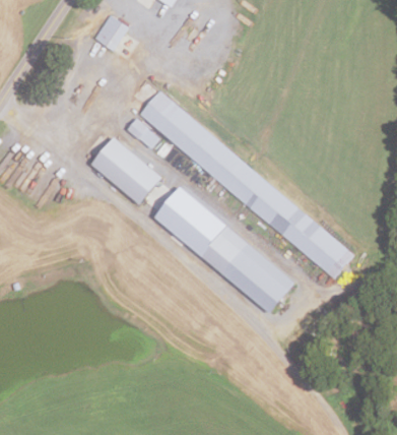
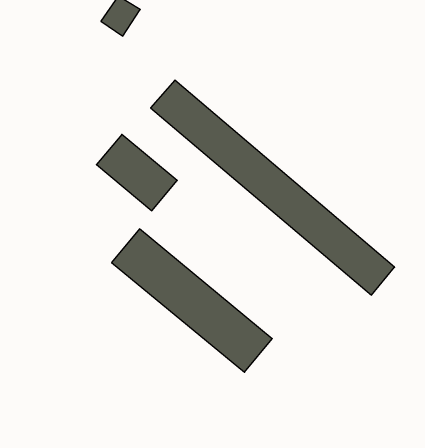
building: [128,118,159,149] -> none
building: [153,186,294,312] -> [112,229,272,372]

